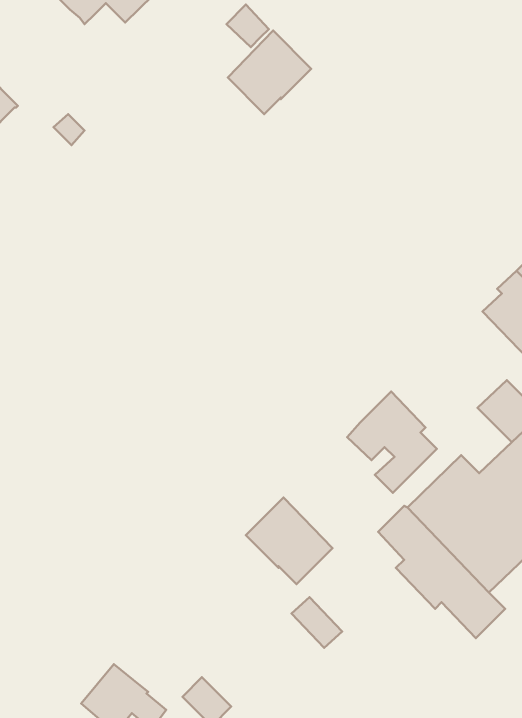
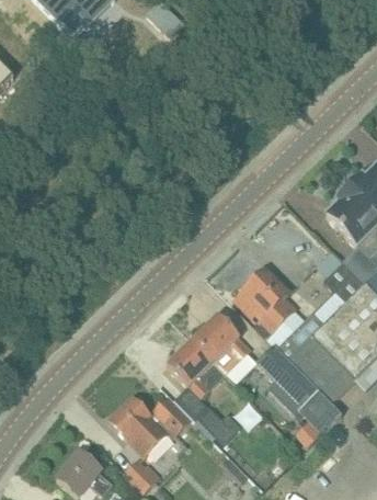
building: [228,31,311,114] -> none
building: none -> [192,315,256,384]
building: none -> [108,398,188,455]

